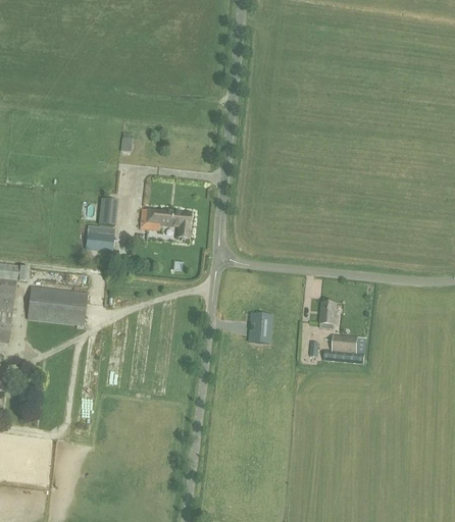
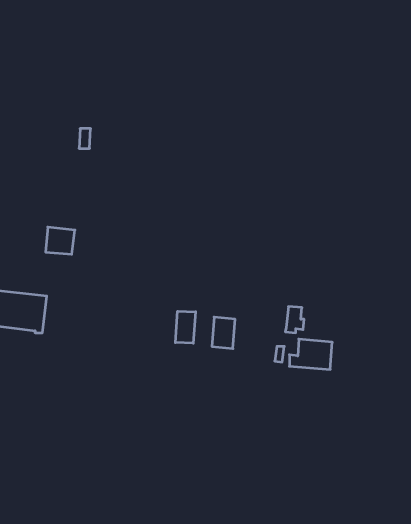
building: [99,197,117,224] -> none
building: [141,208,192,237] -> none
building: none -> [175,311,196,343]

